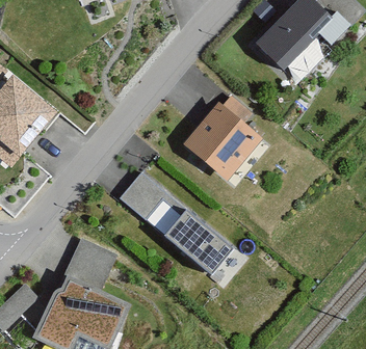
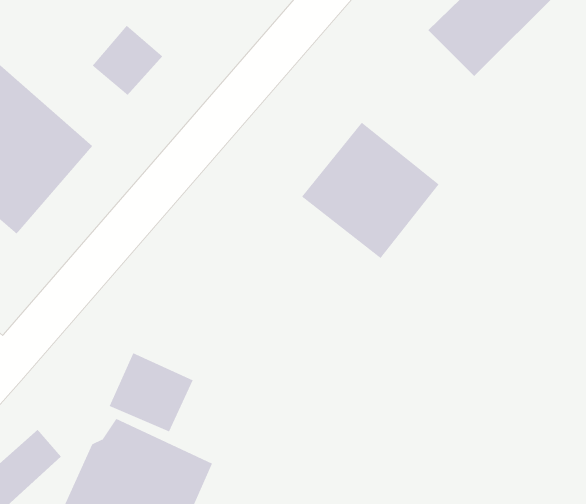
building: none -> [92,25,163,96]
building: [120,172,239,279] -> none

